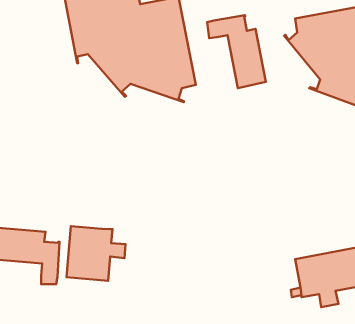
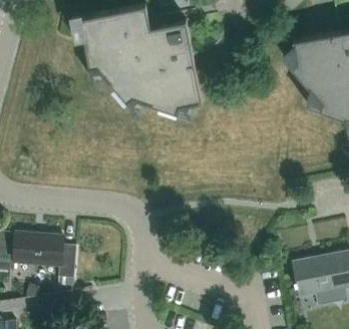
building: [207,15,266,88] -> none
building: [67,226,126,281] -> none

